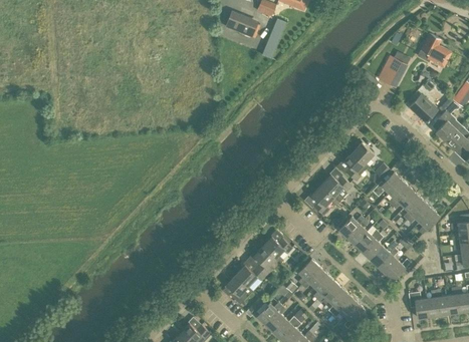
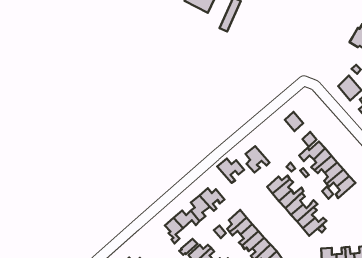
building: [377,51,410,88] -> none
building: [342,151,368,182] -> none
building: [320,175,351,202] -> [217,159,244,183]

